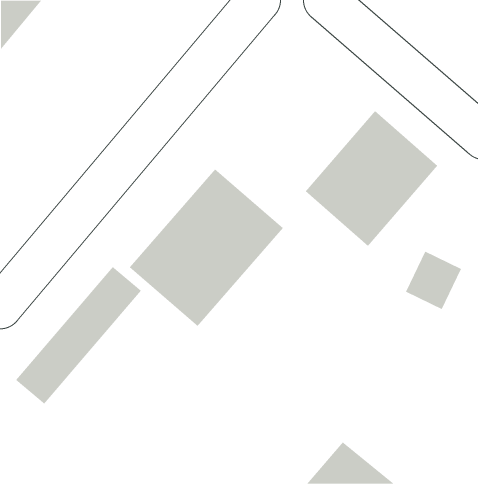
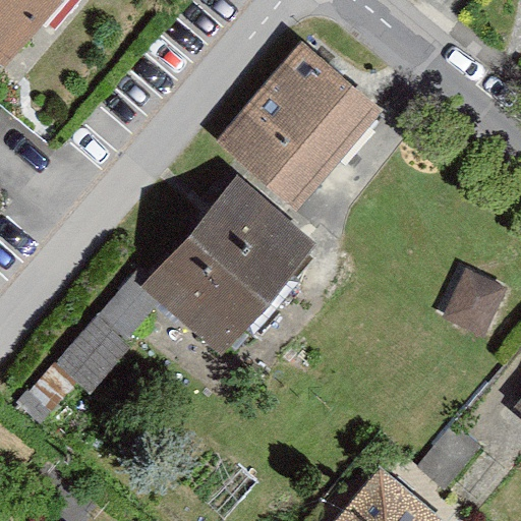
building: none -> [218,44,381,209]
building: [305,110,438,247] -> none

